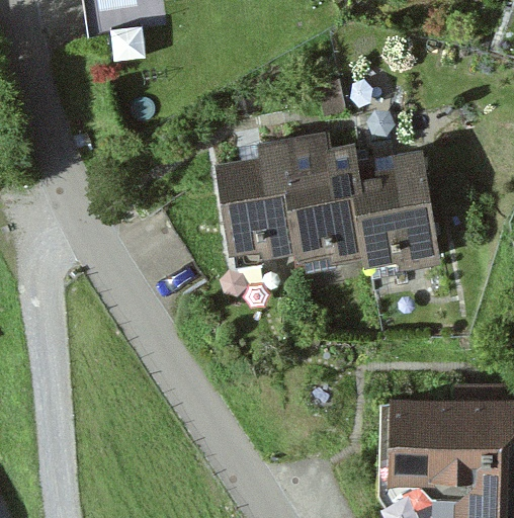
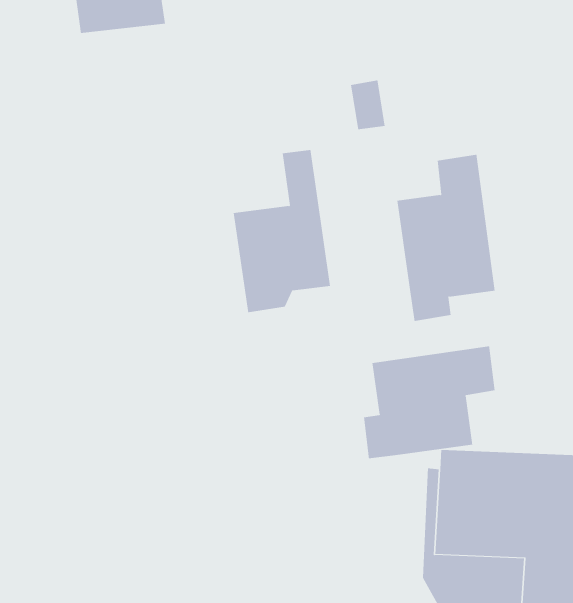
building: [286,135,367,275] -> none
building: none -> [363,345,495,459]

